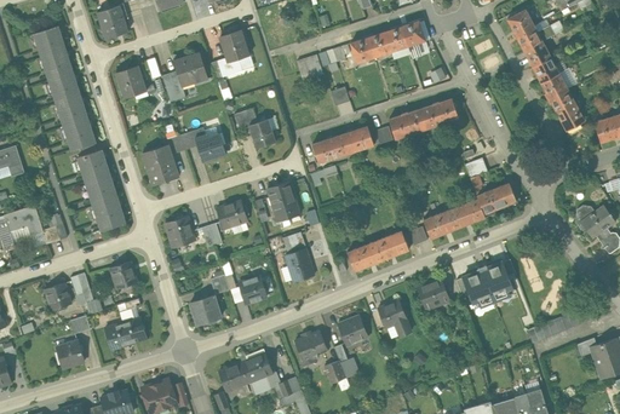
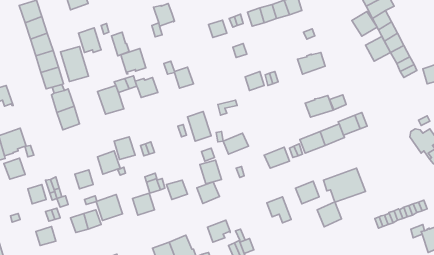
building: none -> [352,11,377,36]
building: [172,52,207,87] -> [121,49,146,74]
building: none -> [365,36,391,61]
building: none -> [61,46,89,82]
building: [388,109,426,139] -> [305,95,333,117]
building: [311,133,352,163] -> none
building: [93,199,125,231] -> [98,151,120,174]
building: [216,201,247,230] -> none
building: [346,242,381,271] -> [223,133,249,154]
building: none -> [4,158,25,179]
building: none -> [96,195,122,221]
building: none -> [317,202,342,227]
building: [337,316,368,346] -> [197,182,219,203]

